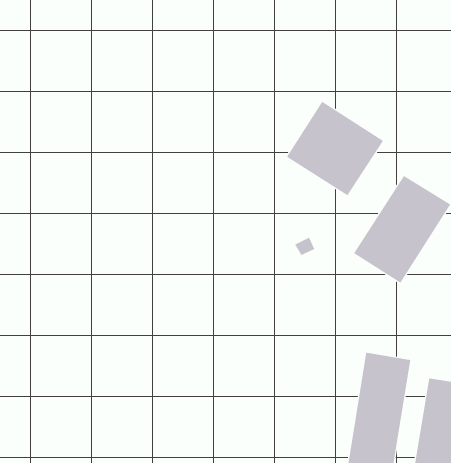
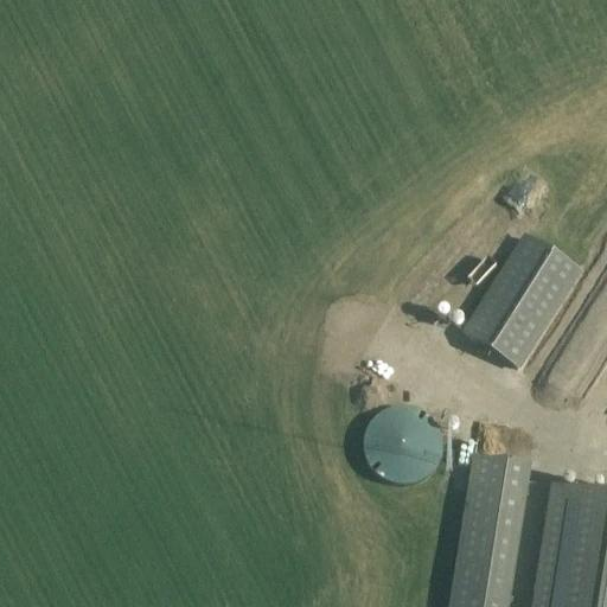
building: [286,101,384,196] -> none
building: none -> [364,409,440,486]

